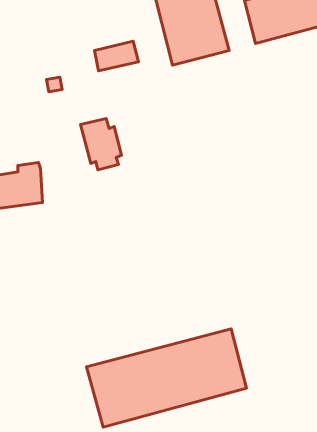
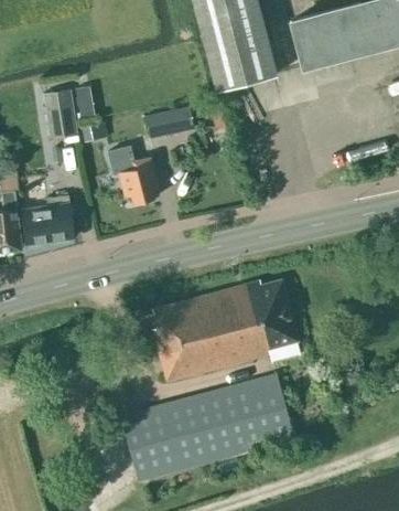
building: [94,41,138,71] -> [147,107,194,139]
building: none -> [43,89,78,139]
building: none -> [153,281,298,382]

